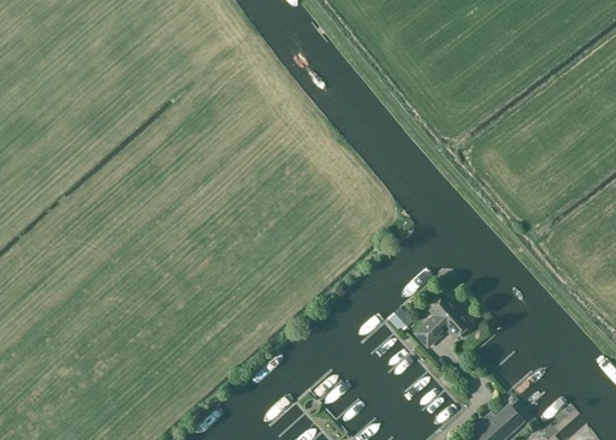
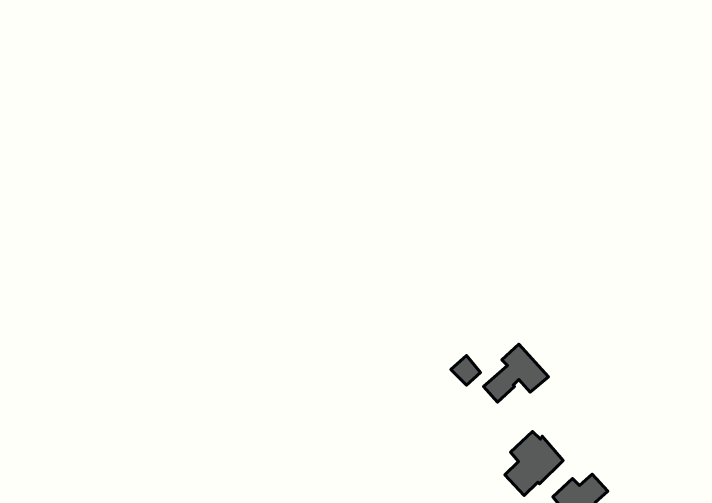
building: none -> [505,432,563,495]

